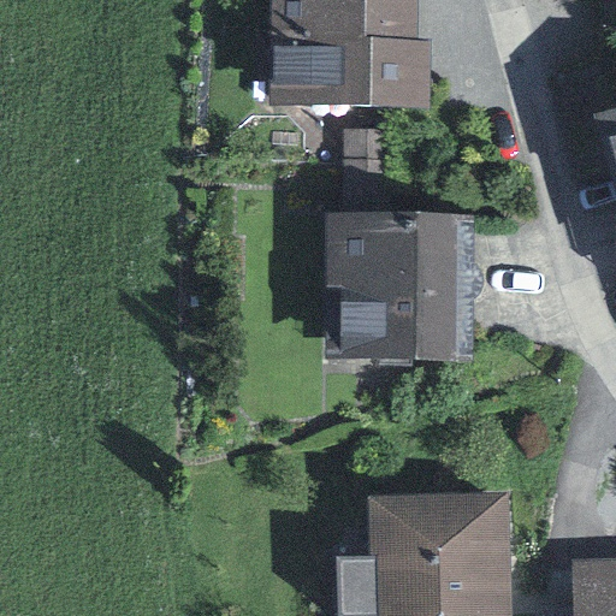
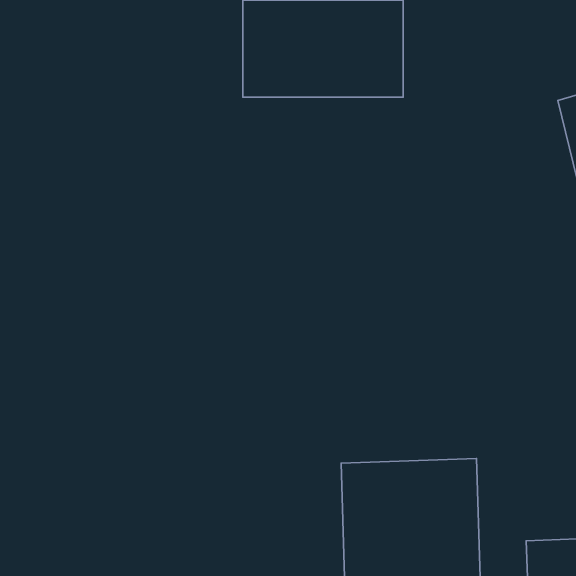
building: [326,213,463,357] -> none

